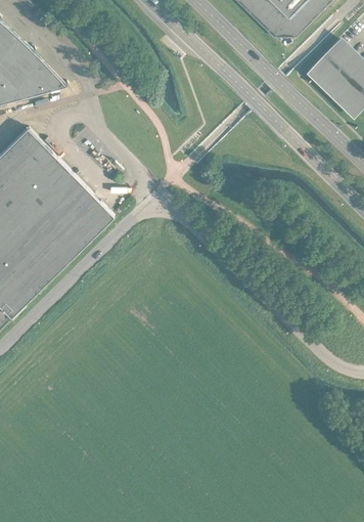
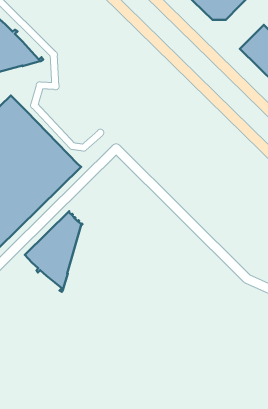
building: none -> [25,211,83,292]

